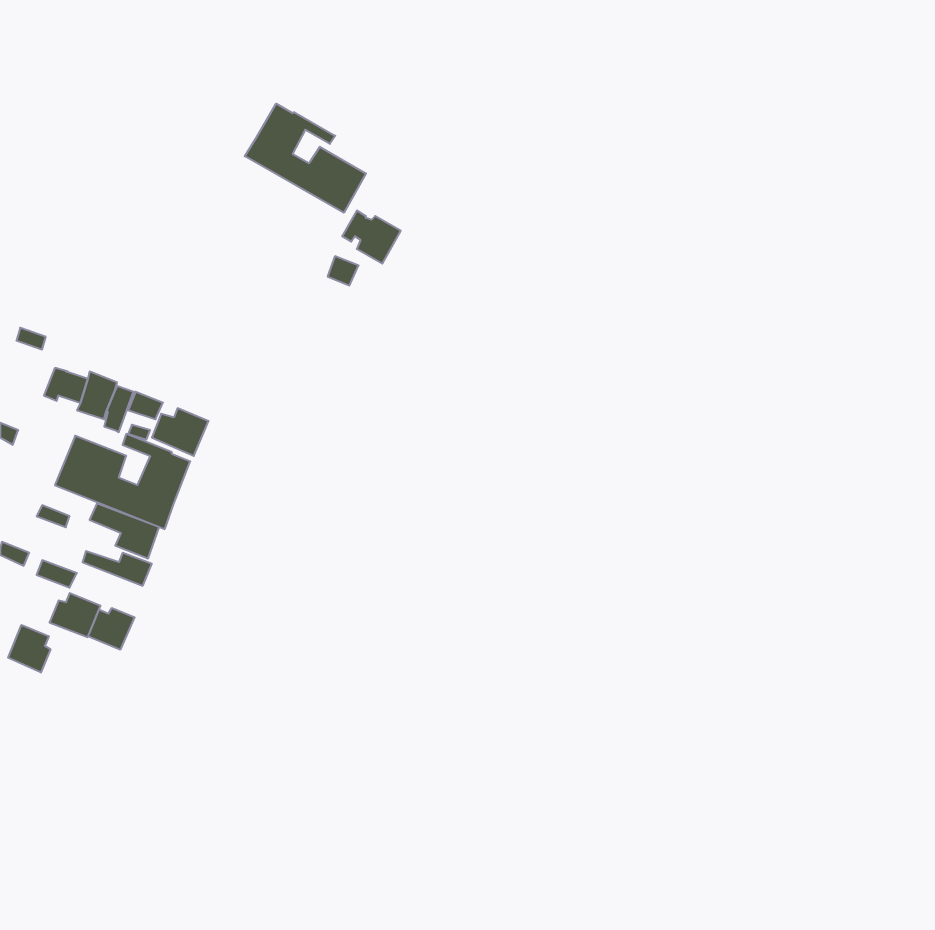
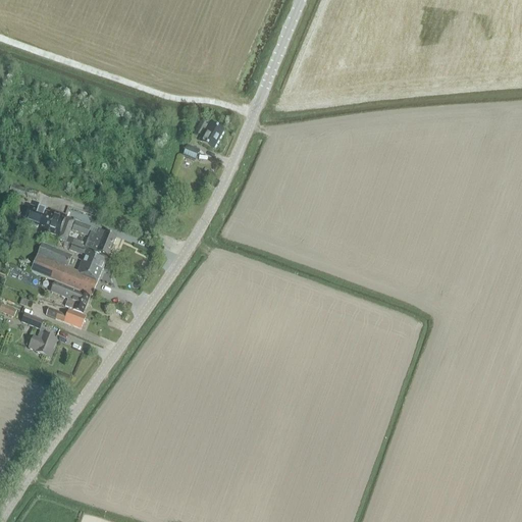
building: [245,104,366,213] -> none
building: [88,608,135,650] -> none
building: [8,625,50,673] -> none

